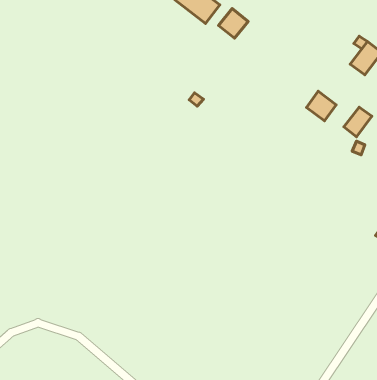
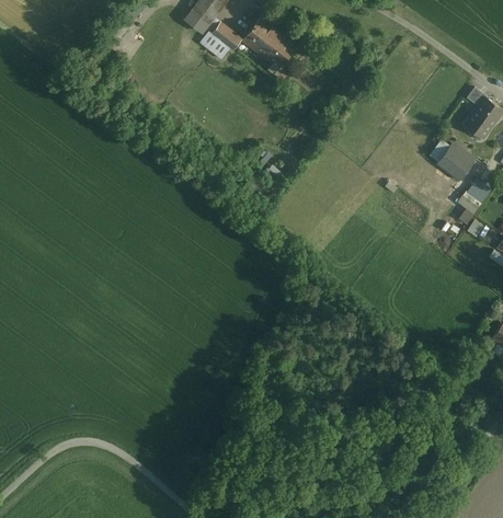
building: [219,9,248,38] -> none
building: [306,91,336,121] -> [438,142,475,179]

